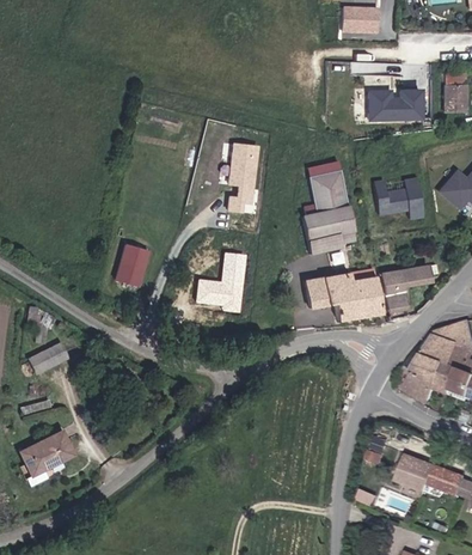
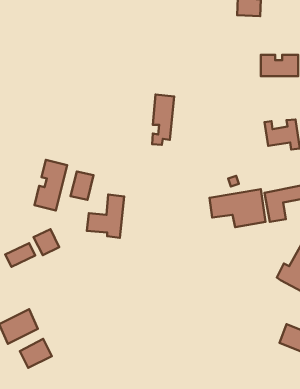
building: [301,170,354,255] -> none
building: none -> [34,160,67,211]
building: [195,251,245,310] -> [87,195,124,238]
building: none -> [33,229,59,255]
building: none -> [20,339,52,368]

